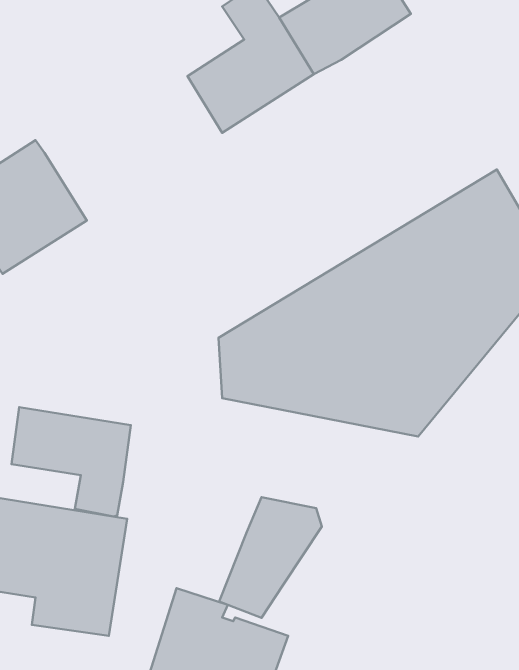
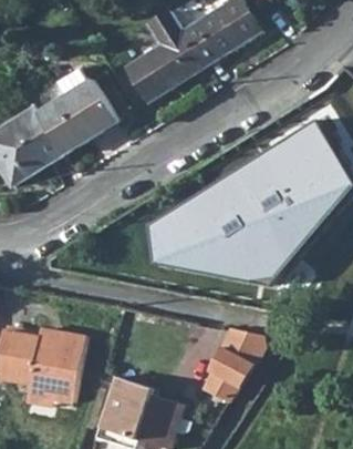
building: none -> [40,81,117,154]
building: [12,407,131,517] -> none
building: [219,497,322,618] -> [203,328,264,401]

